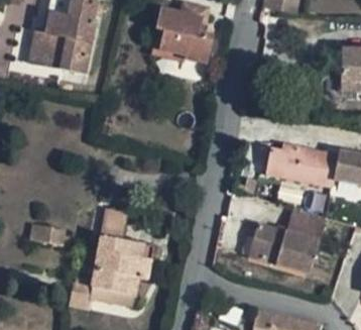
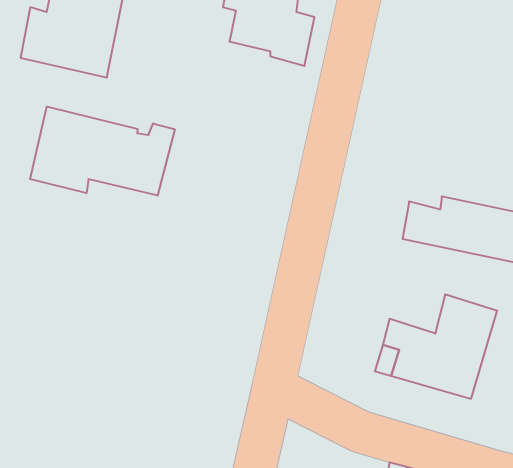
building: none -> [30,107,175,196]
building: [69,208,152,310] -> none

